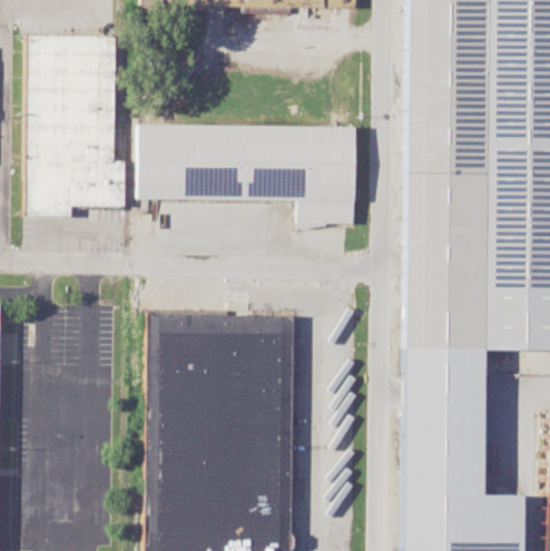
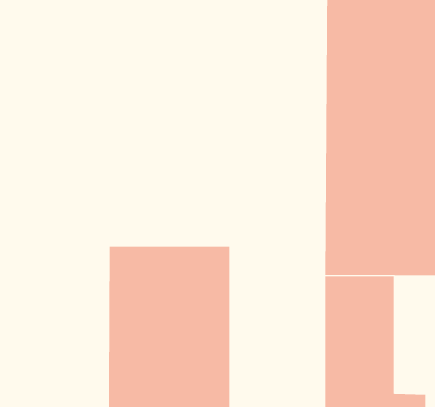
building: [24,33,128,213] -> none
building: [139,124,356,223] -> none

